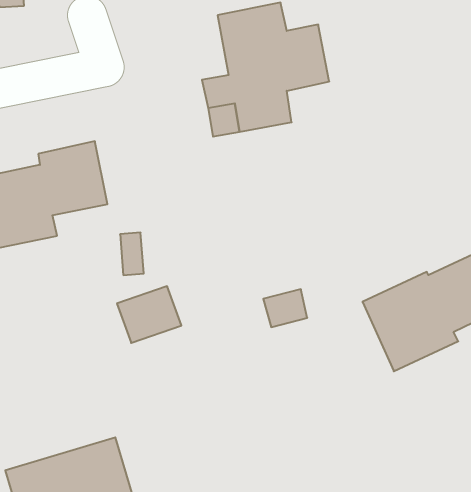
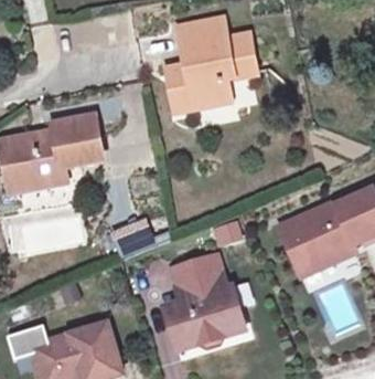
building: none -> [164,254,246,351]

